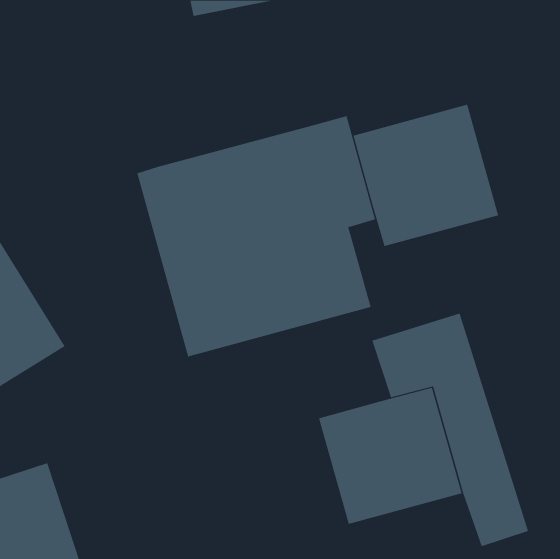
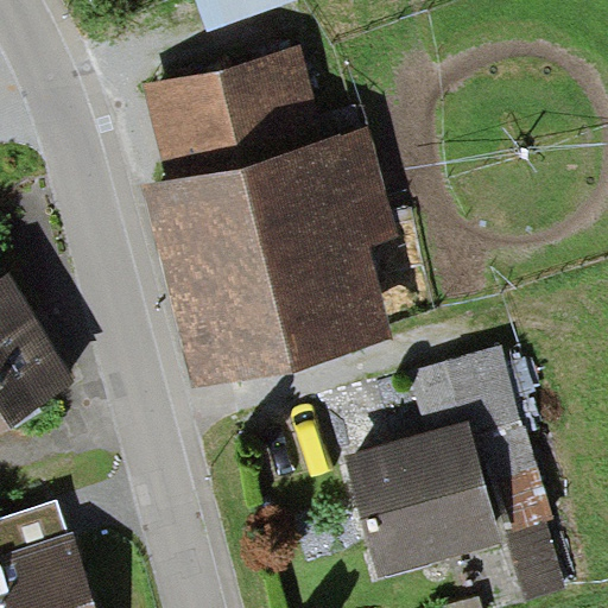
building: none -> [144,50,329,186]
building: [353,104,499,247] -> none

